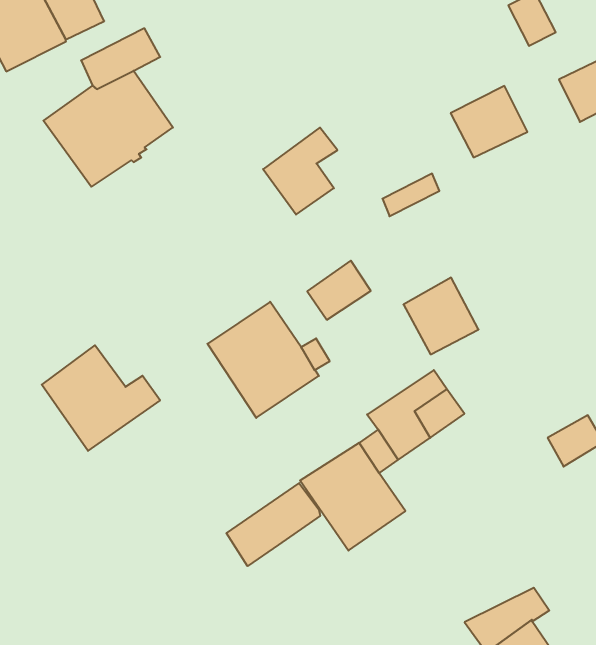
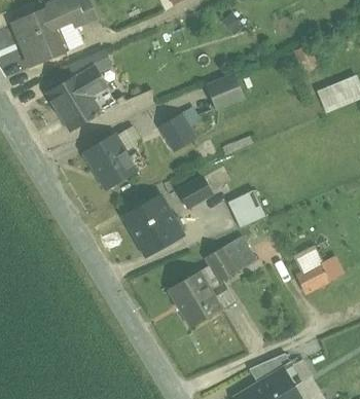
building: [451,86,527,157] -> [205,72,244,108]
building: [42,345,160,451] -> [84,134,145,188]
building: [226,483,320,566] -> none

